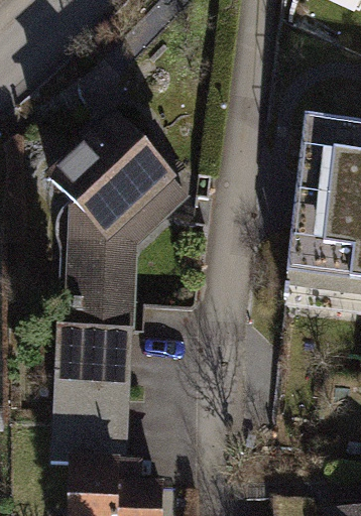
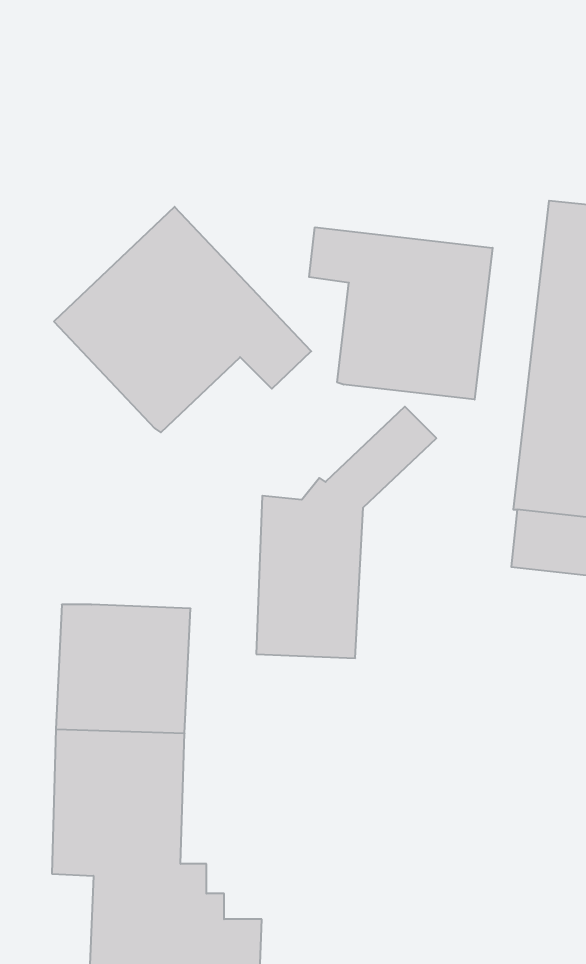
building: none -> [309,227,493,400]
building: [75,195,166,322] -> [256,407,436,658]

